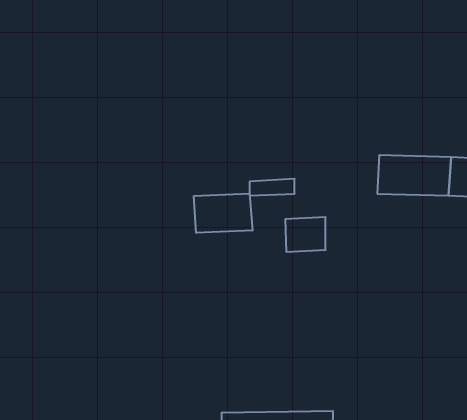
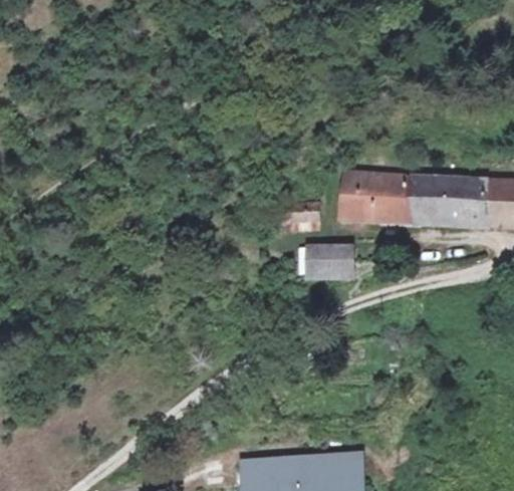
building: none -> [342,177,411,221]
building: [194,194,252,233] -> none

